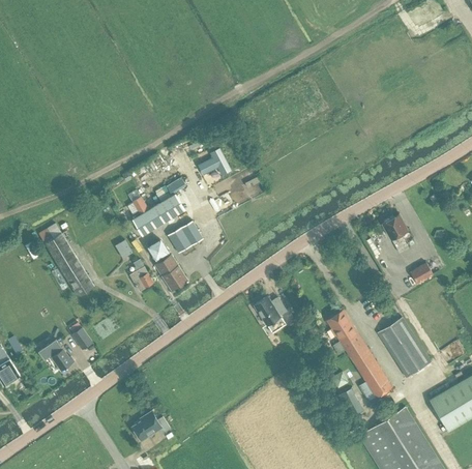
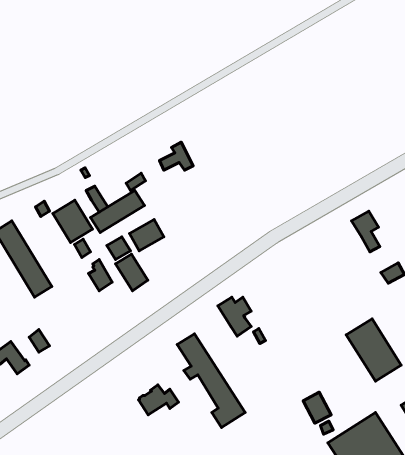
building: none -> [53,200,92,243]
building: [326,310,391,400] -> [177,334,245,428]
building: [131,412,170,441] -> [139,385,178,415]

